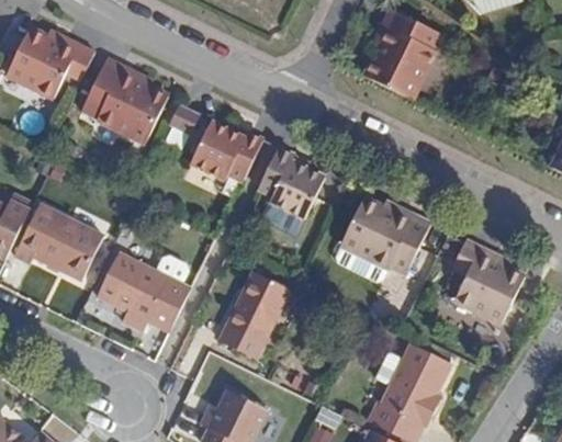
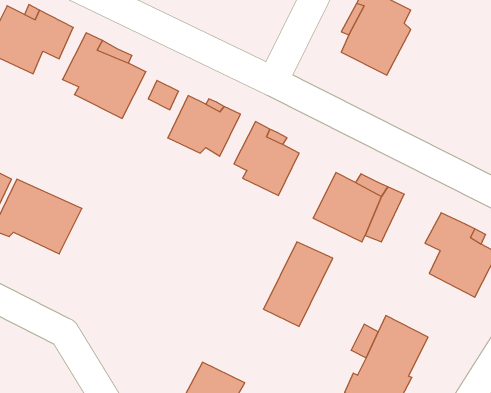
building: [95,254,190,332] -> none
building: [217,273,288,359] -> [263,242,333,326]

